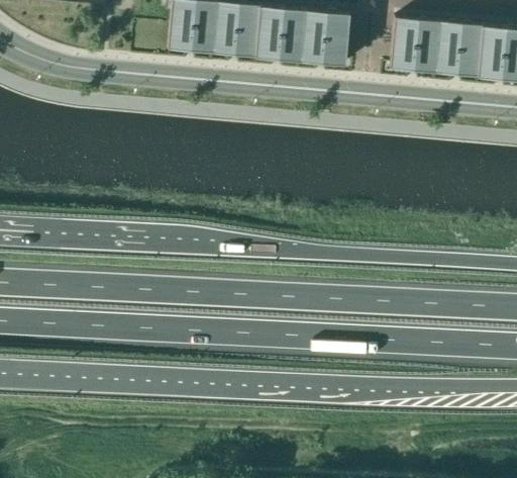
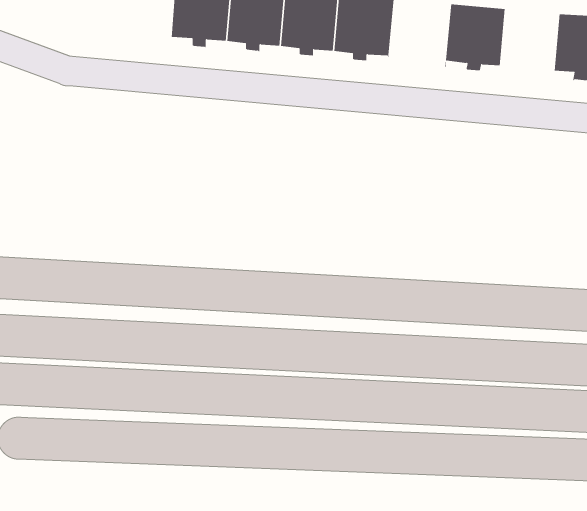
building: [437,23,485,79] -> none

